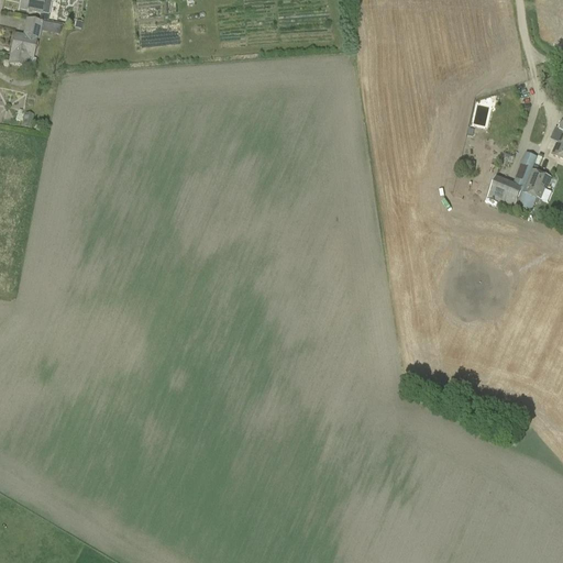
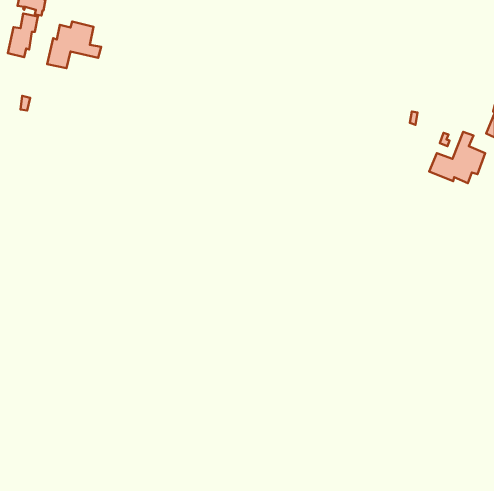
building: none -> [47,21,101,68]

